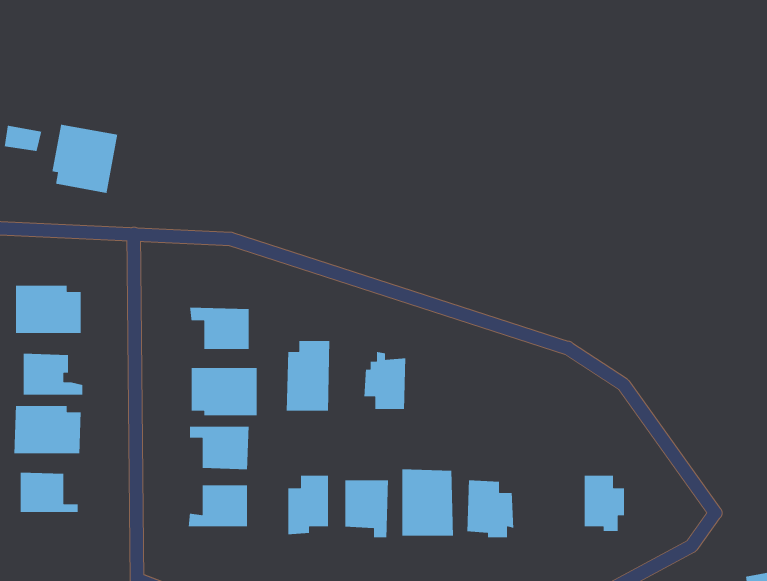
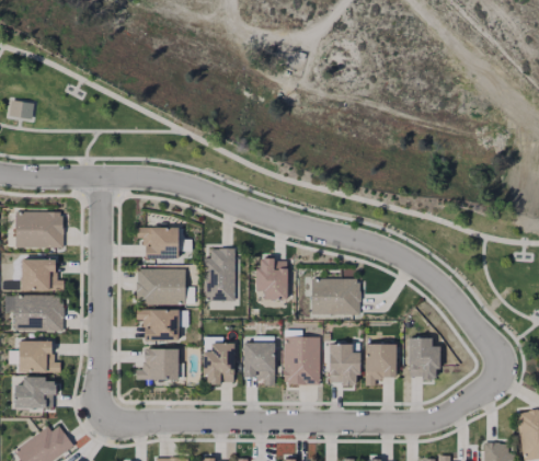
building: [52,124,118,194] -> none
building: none -> [313,279,359,312]
building: none -> [365,346,395,387]
building: none -> [15,376,56,406]

